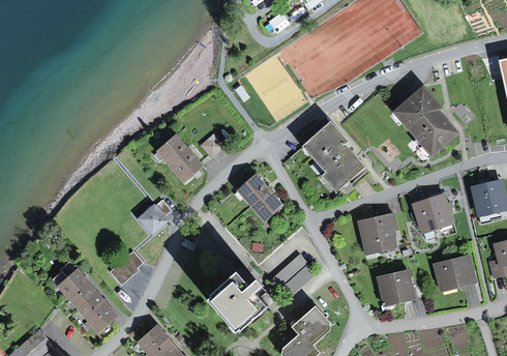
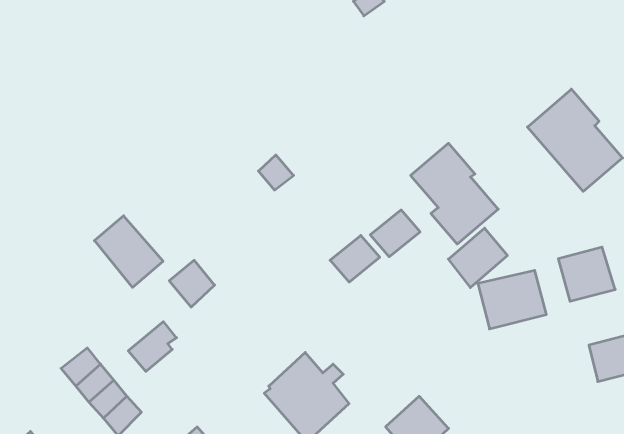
building: [156,137,205,187] -> [94,216,163,287]
building: [237,172,272,205] -> [370,210,420,257]
building: none -> [448,228,507,288]
building: [270,251,310,287] -> none
building: [378,269,417,305] -> none

